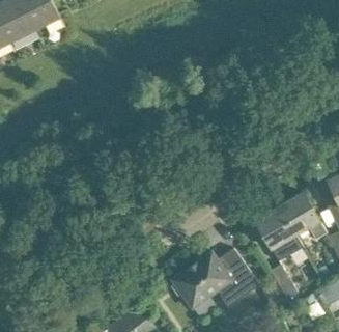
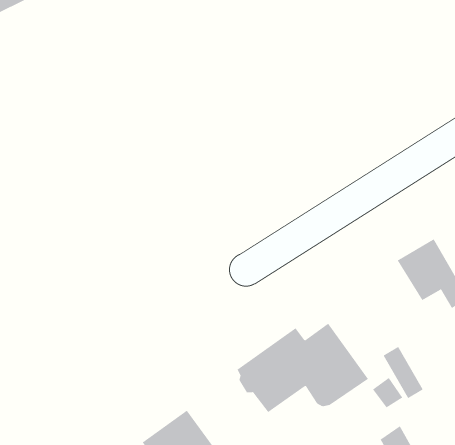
building: [255,205,303,259] -> none

